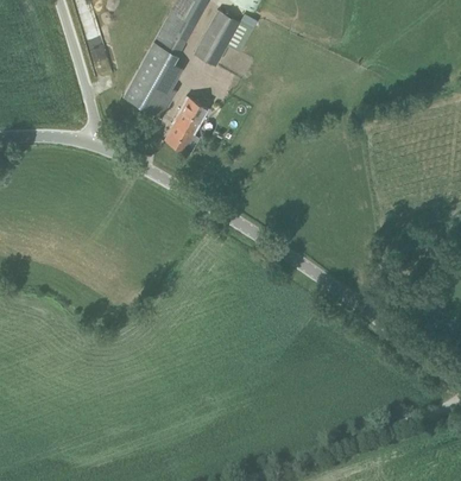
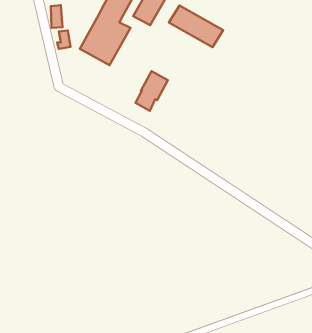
building: none -> [169,5,223,47]
building: [165,97,208,150] -> [135,71,168,111]

